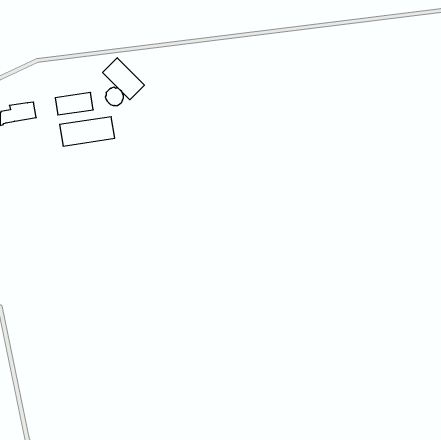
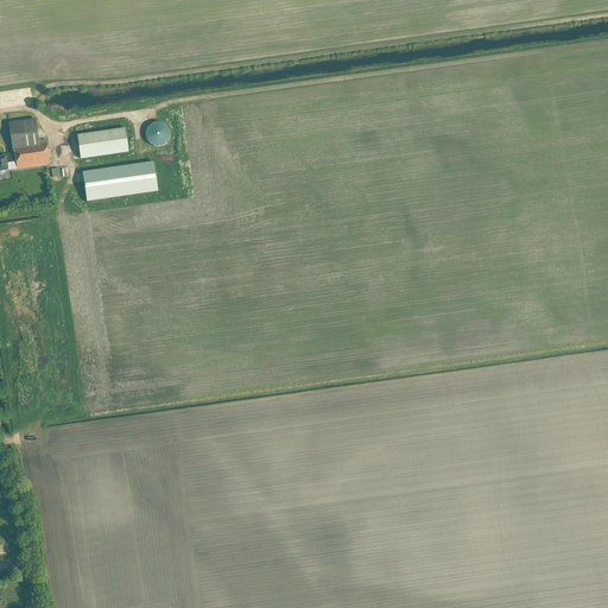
building: [103,58,144,100] -> none
building: none -> [8,115,38,145]

